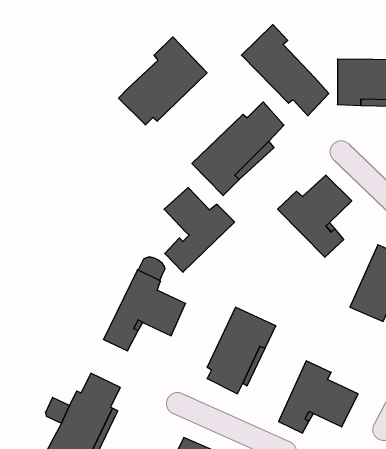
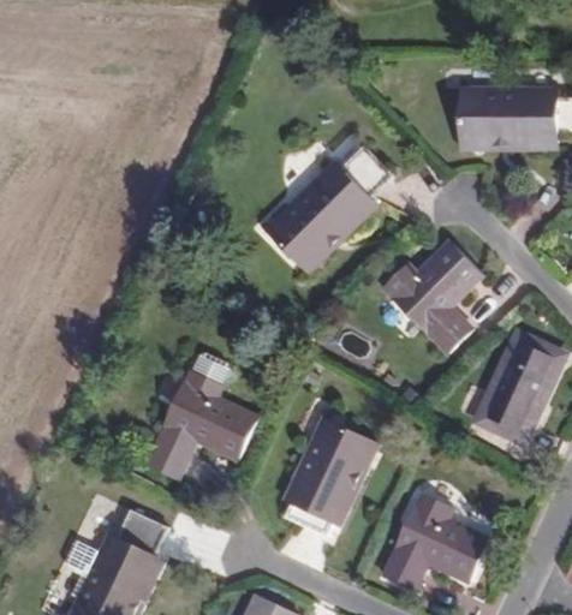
building: [241,25,329,116] -> none
building: [119,37,207,125] -> none
building: [164,187,234,272] -> none

